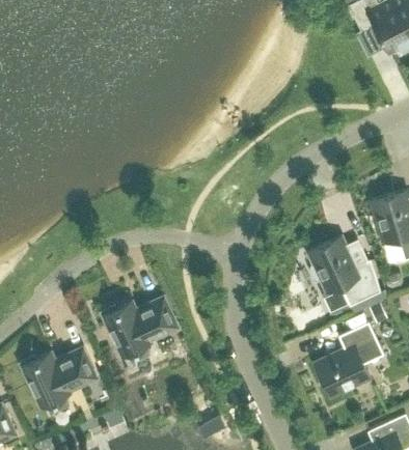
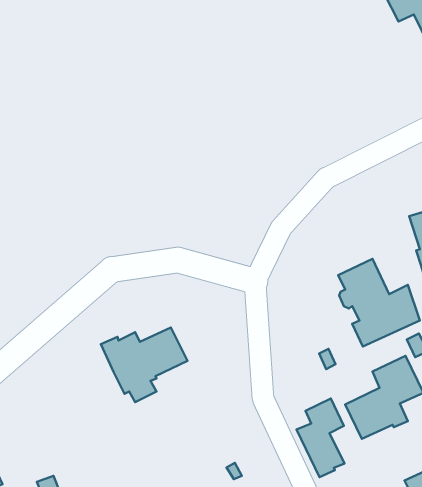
building: [21,348,97,414] -> none
building: none -> [296,399,344,477]

